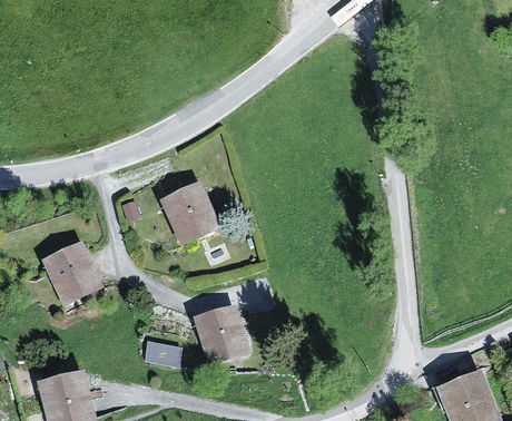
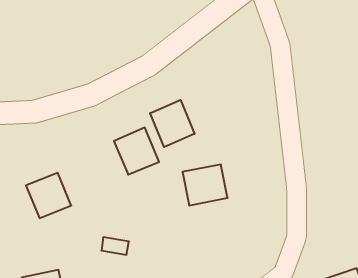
building: none -> [150,100,195,147]
building: [193,305,253,360] -> [182,164,228,205]

